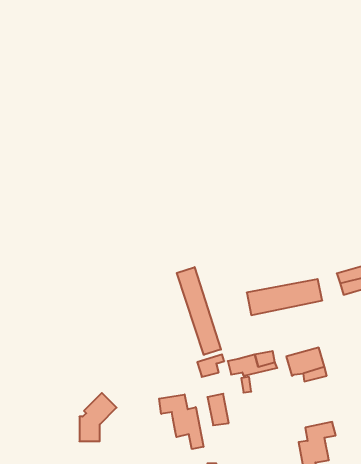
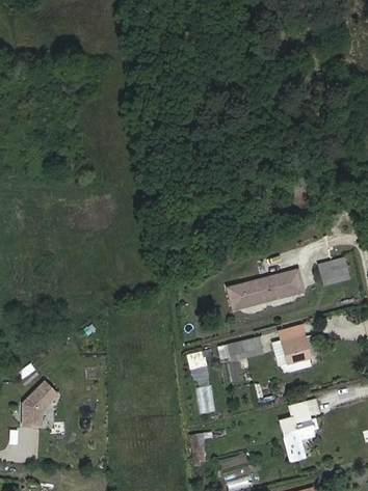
building: [177,267,221,355] -> none
building: [79,393,117,441] -> [26,376,60,420]
building: [159,394,203,449] -> none

